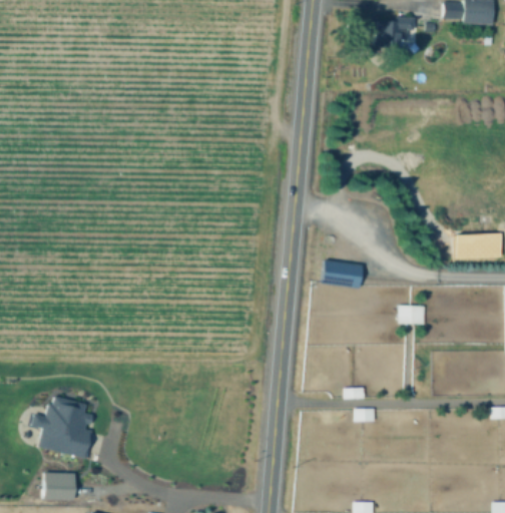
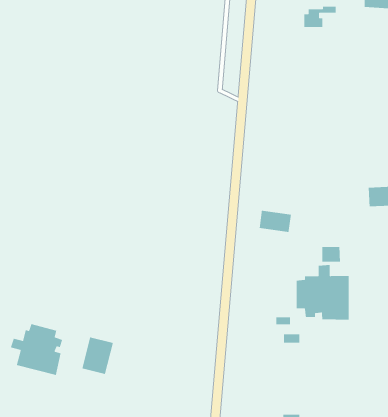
building: none -> [296,264,350,320]
building: none -> [82,337,114,375]
building: [44,472,75,500] -> none

